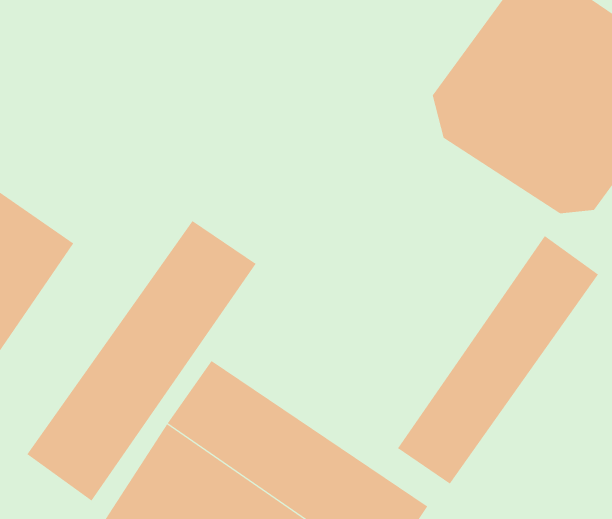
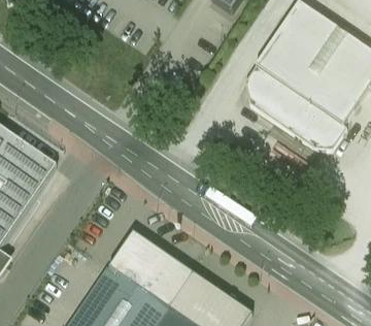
building: [26,220,256,501] -> none
building: [397,235,599,484] -> none

